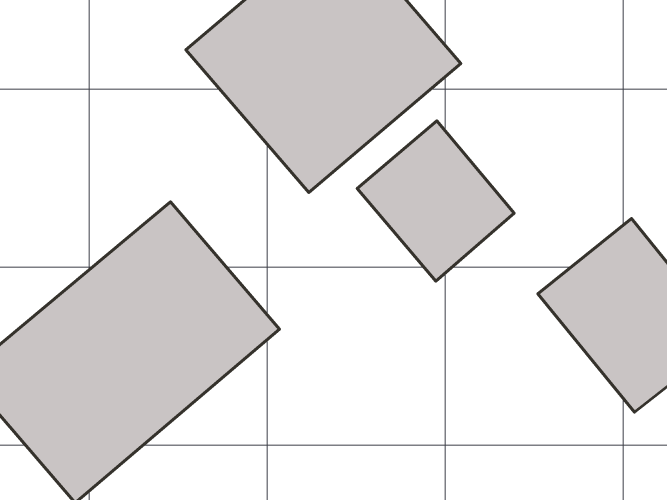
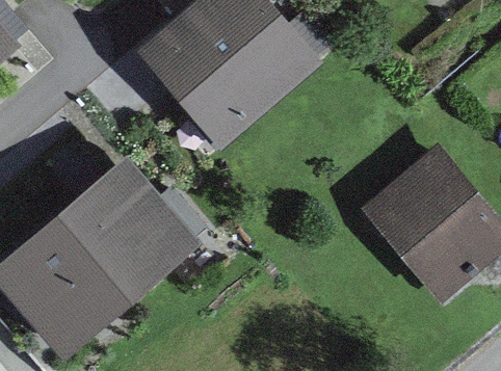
building: [357,121,514,281] -> none

